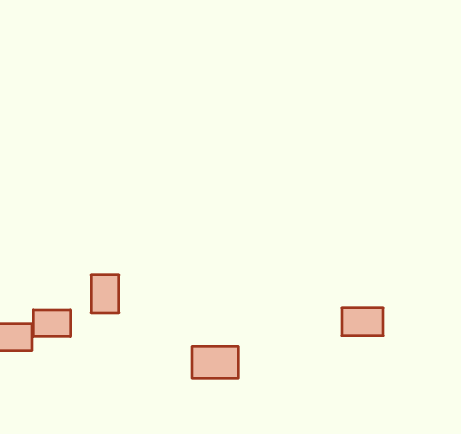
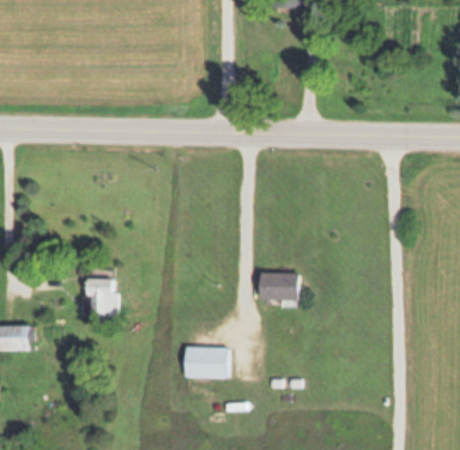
building: [342,308,383,336] -> [259,271,298,298]
building: [33,310,70,337] -> none

